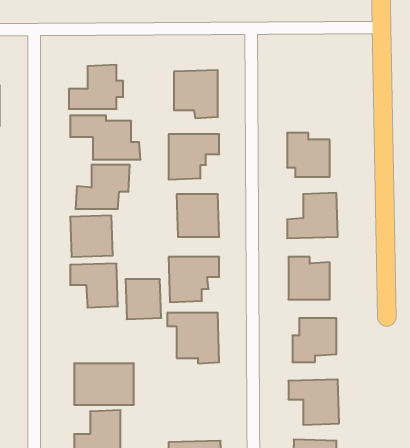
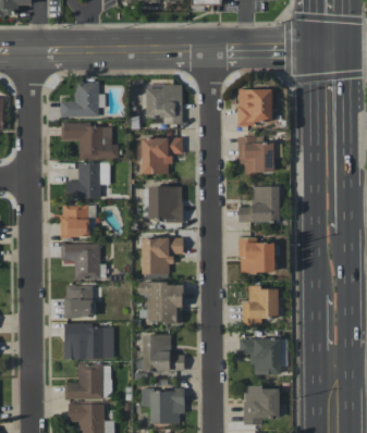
building: none -> [237,89,271,126]
building: [125,279,161,319] -> [64,286,94,319]
building: none -> [142,335,184,371]

